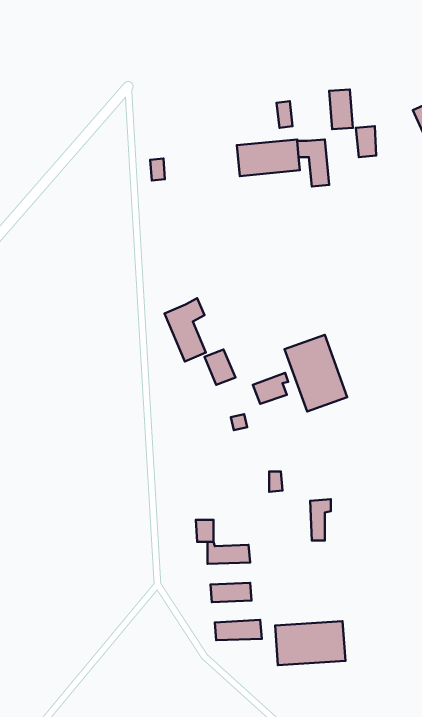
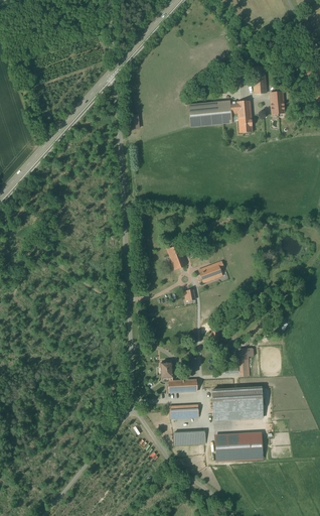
building: [165,298,206,362] -> none
building: [285,335,347,411] -> none
building: none -> [213,388,266,421]

